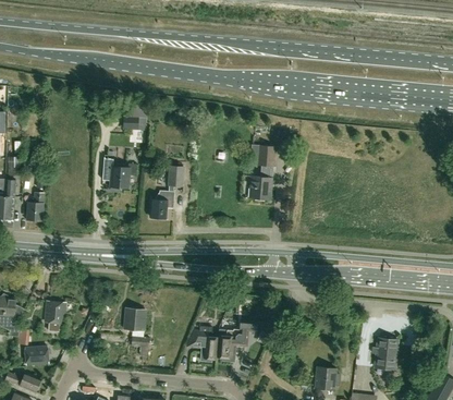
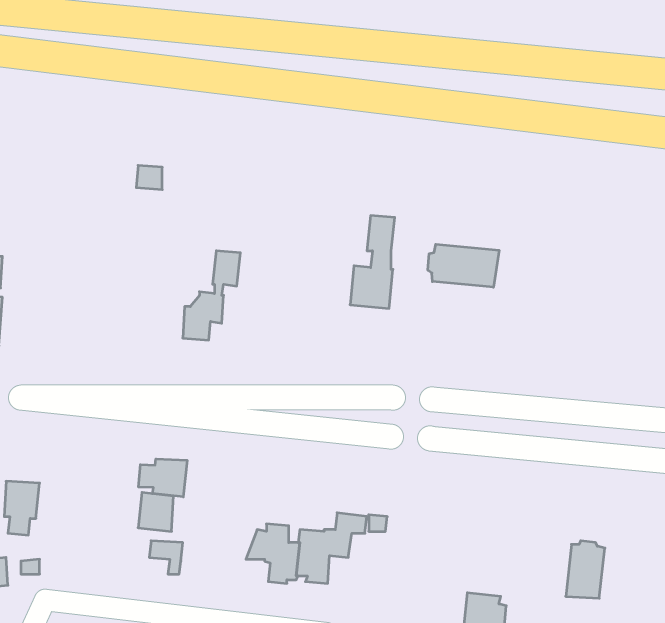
building: [102,158,136,190] -> none
building: none -> [428,244,499,287]
building: none -> [139,459,187,497]

